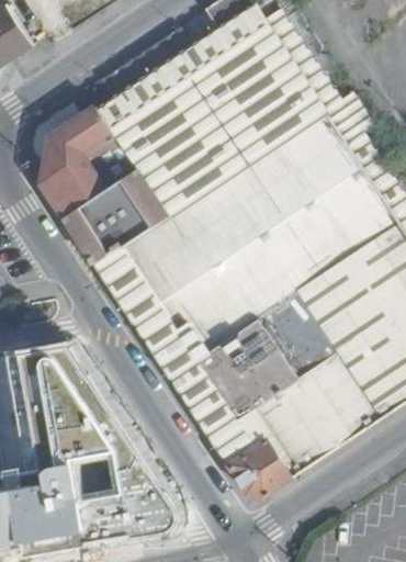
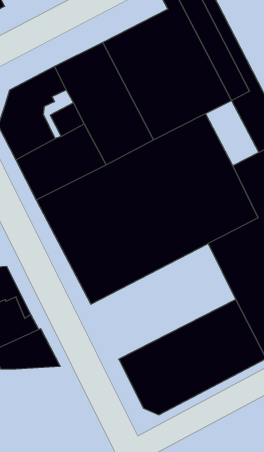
building: [277,121,343,196] -> none
building: [168,290,336,436] -> none
building: [83,451,170,535] -> none

